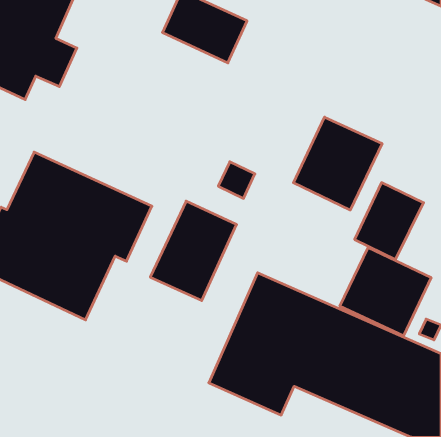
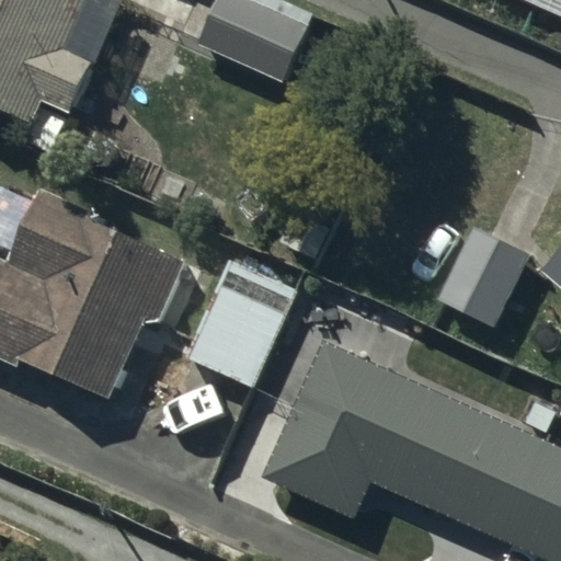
building: [293,117,382,210] -> none
building: [340,247,431,336] -> none

